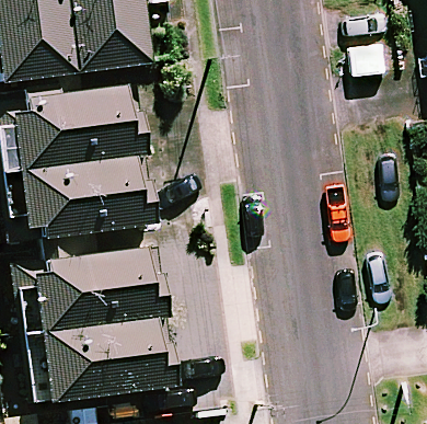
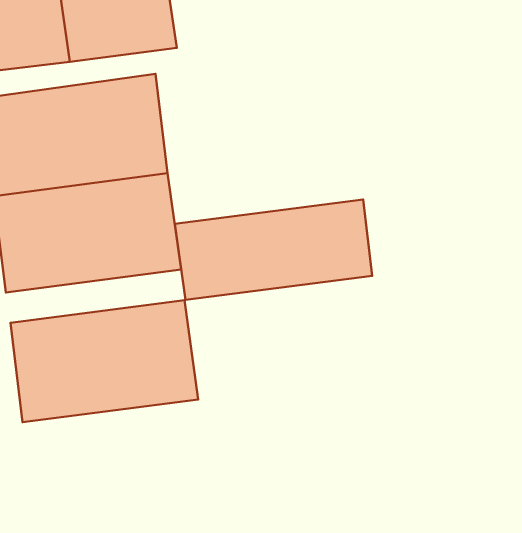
building: none -> [175,199,372,300]
building: [38,320,174,405] -> none

